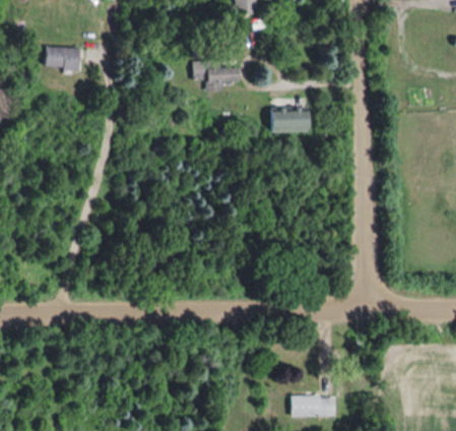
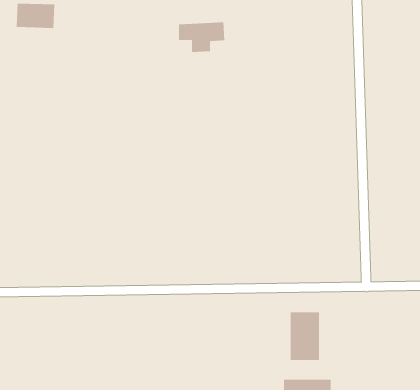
building: [270,109,310,131] -> none
building: none -> [290,312,320,361]

